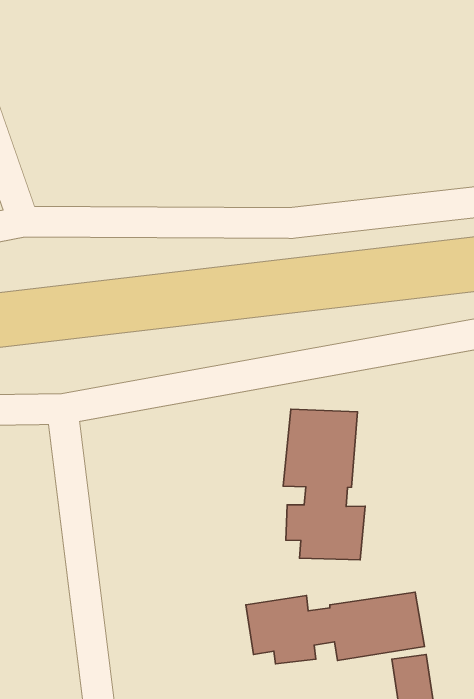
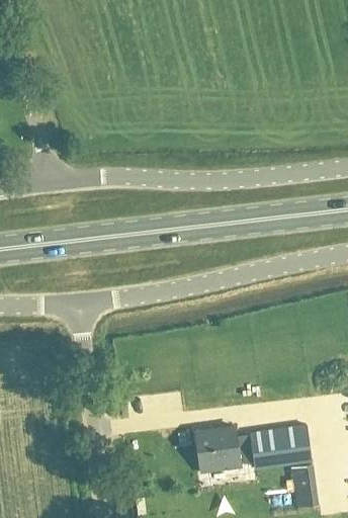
building: [283,409,365,560] -> none

